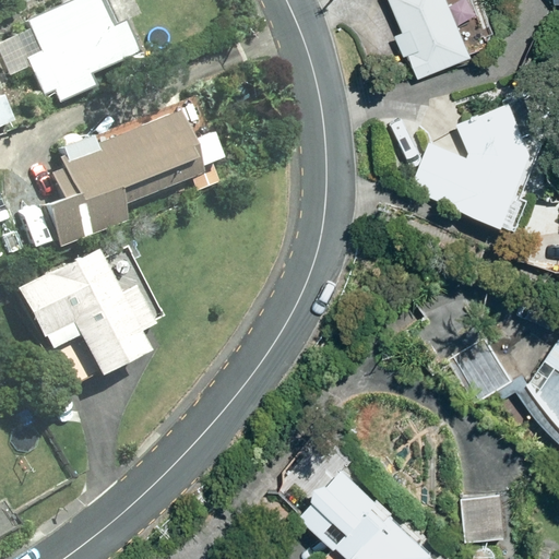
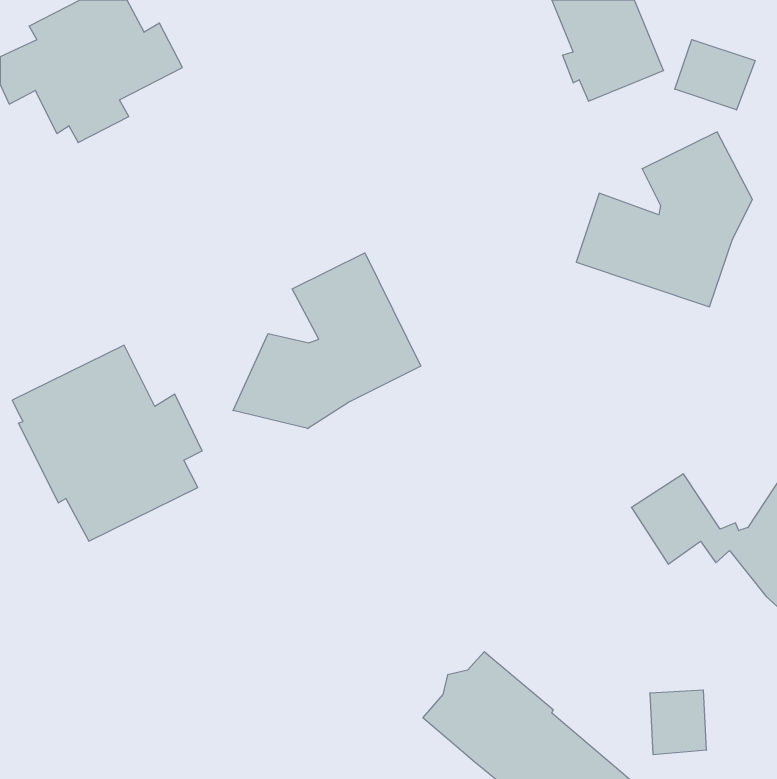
building: none -> [675,40,755,110]
building: [43,110,207,248] -> none
building: none -> [233,253,421,429]

